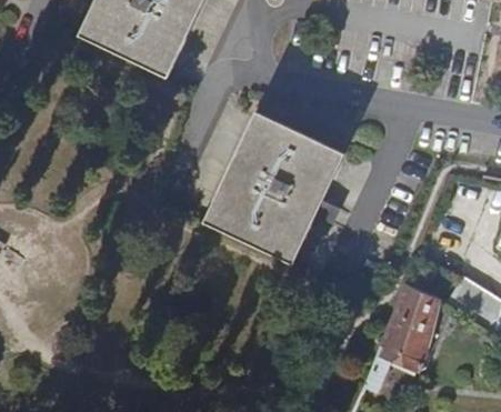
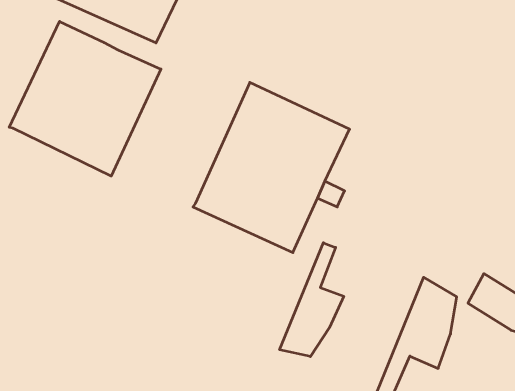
building: none -> [9,21,161,176]
building: none -> [280,243,344,357]

